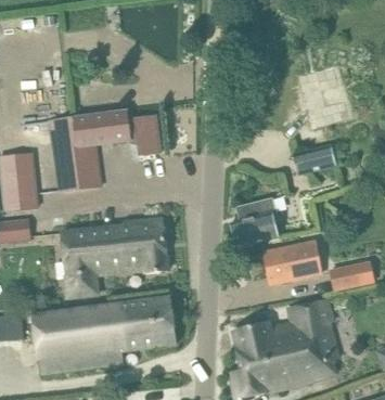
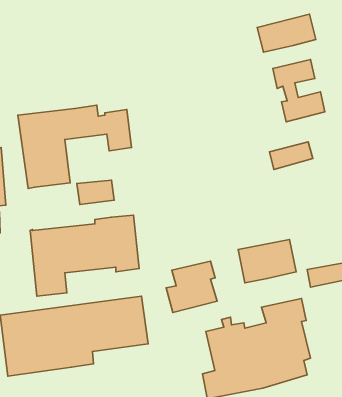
building: none -> [257,14,316,52]
building: none -> [77,180,114,205]
building: [230,197,280,247] -> [166,261,217,312]

